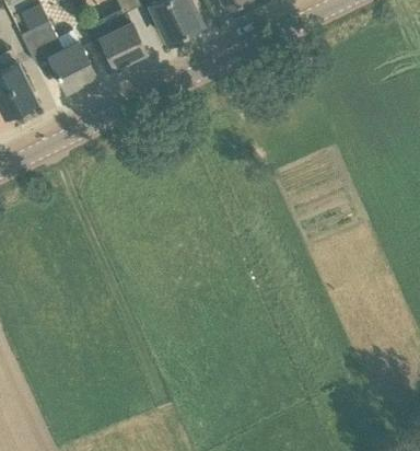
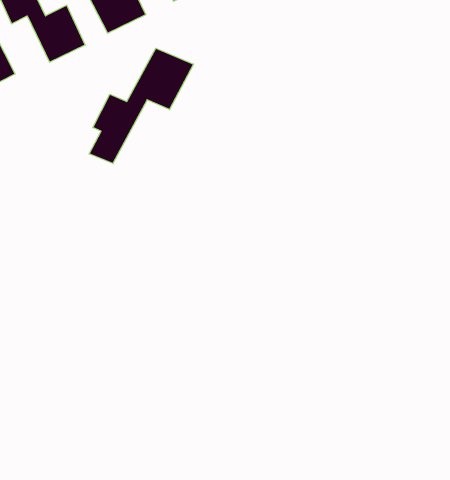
building: none -> [89,48,194,164]

